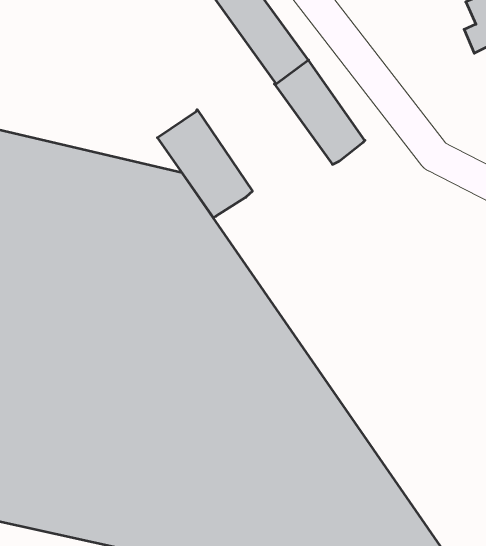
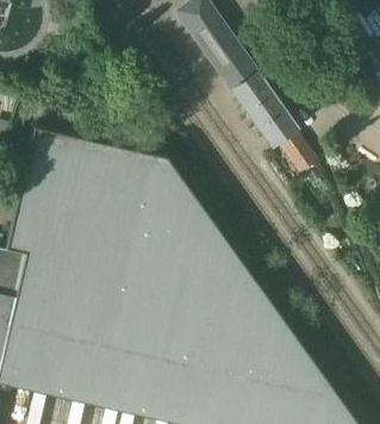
building: [157,110,252,218] -> none
building: none -> [276,129,317,174]

